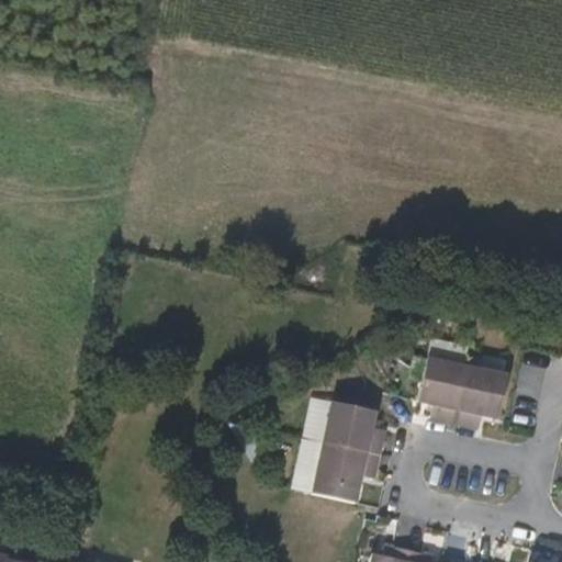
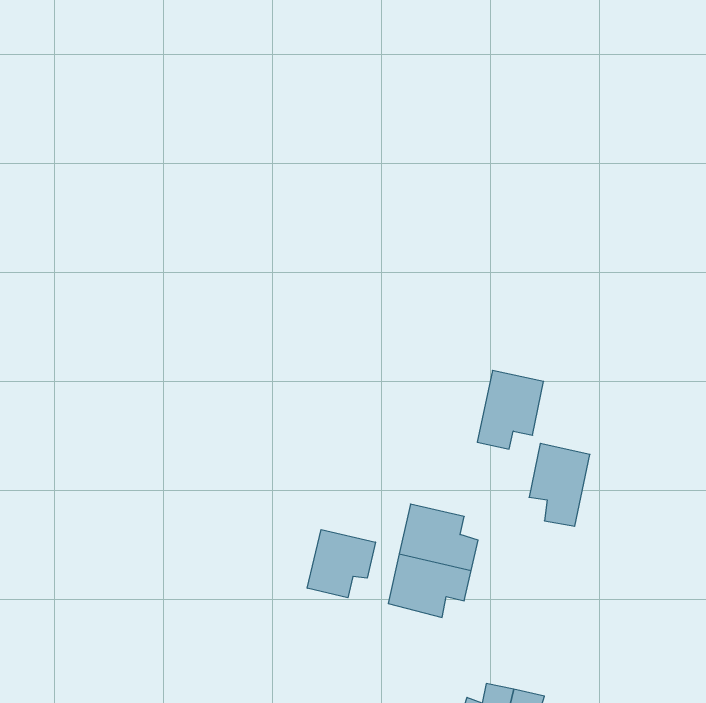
building: [457,363,509,426] -> [477,370,544,449]
building: none -> [307,530,375,598]

